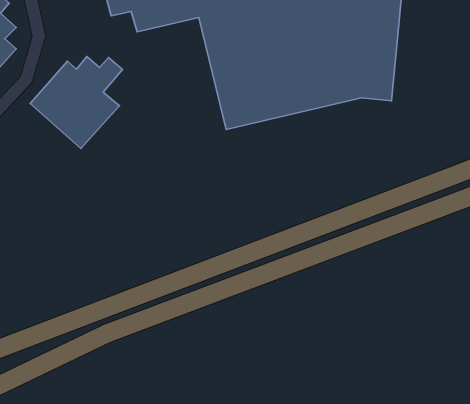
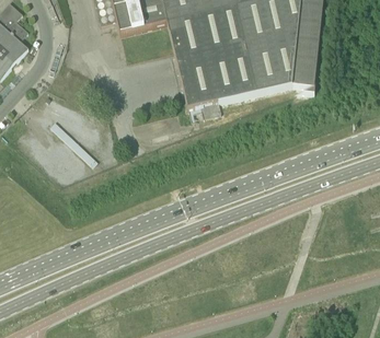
building: [30,56,123,149] -> none

